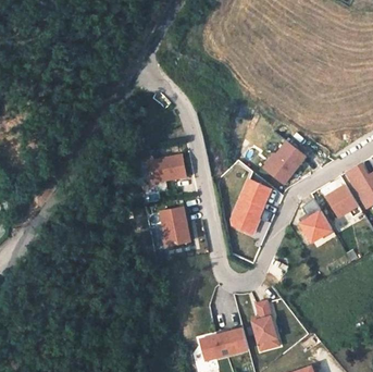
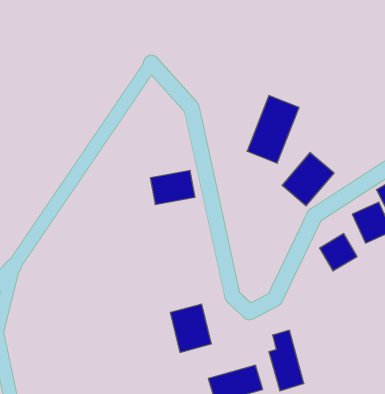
building: [227,176,274,237] -> [247,96,299,163]
building: [157,204,194,248] -> [170,304,211,352]

